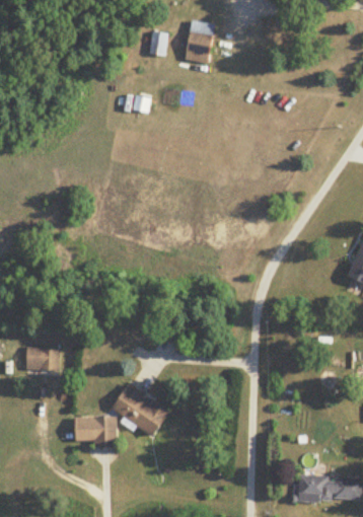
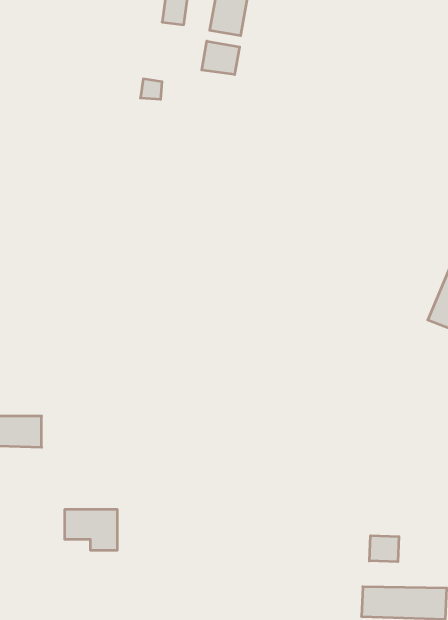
building: none -> [202,41,240,75]
building: [112,384,169,436] -> none
building: none -> [369,536,399,562]

